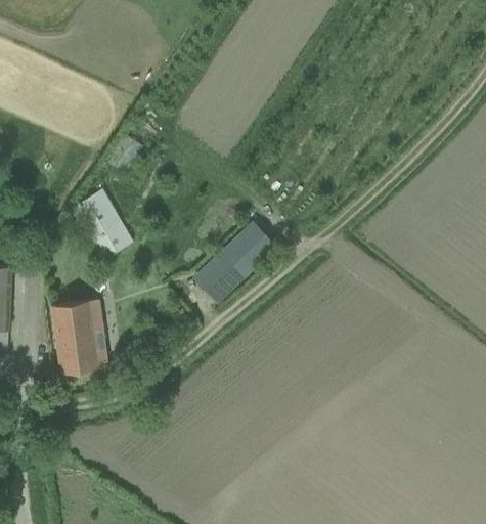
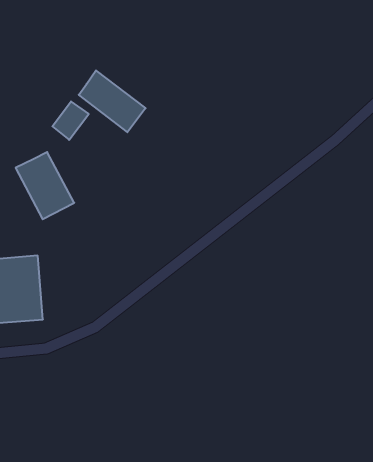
building: none -> [79,70,146,132]
building: [191,221,276,303] -> none

